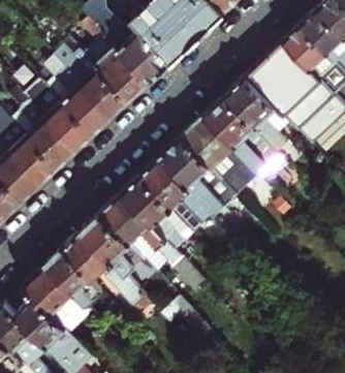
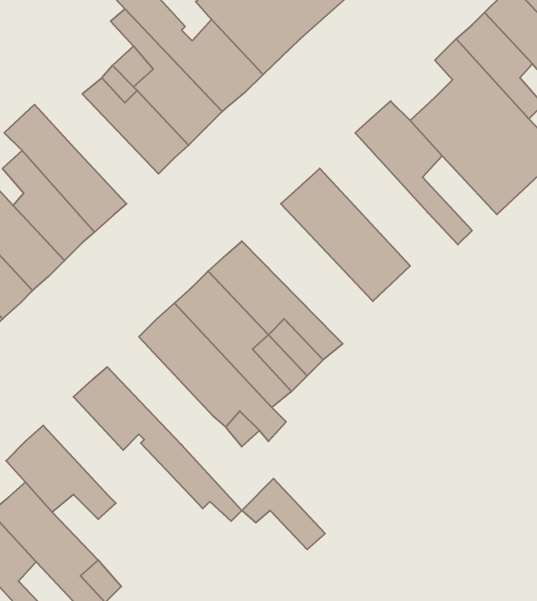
building: [59,70,114,134] -> none
building: [208,93,271,170] -> none
building: [162,134,239,212] -> none
building: [84,212,146,275] -> none
building: [46,247,102,305] -> none

